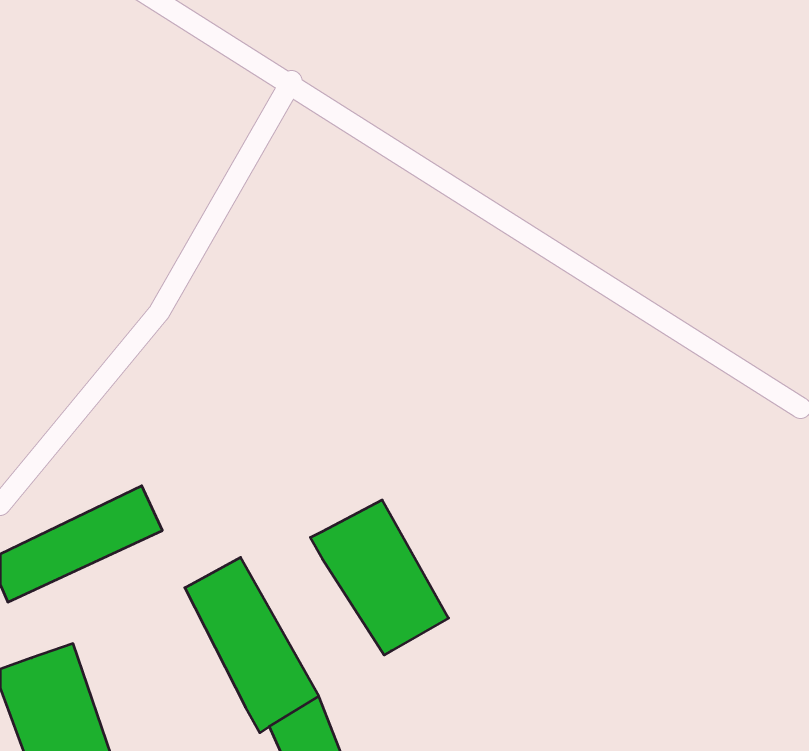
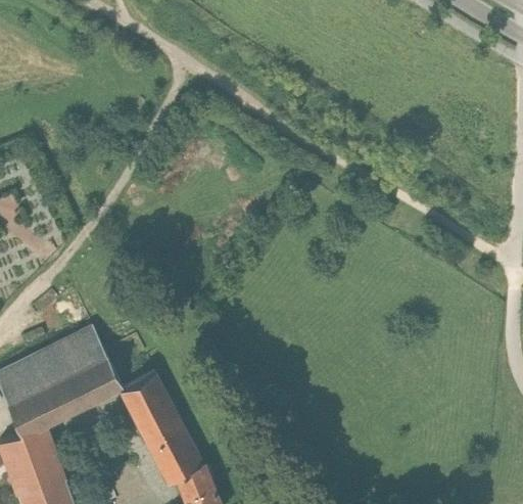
building: [310,500,449,655] -> none
building: none -> [5,355,123,437]

